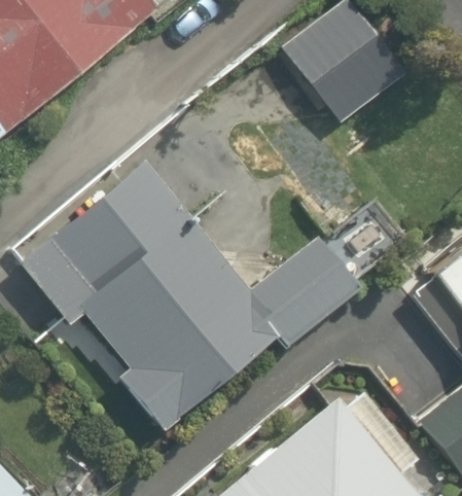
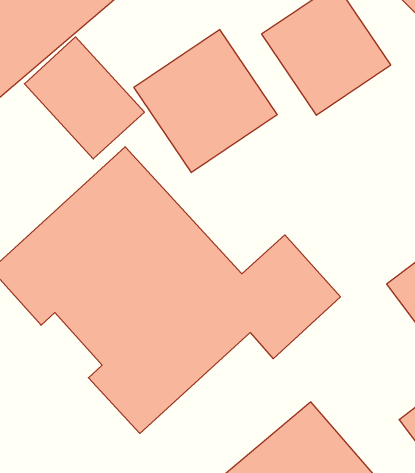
building: none -> [134,29,277,173]
building: none -> [24,37,144,159]

